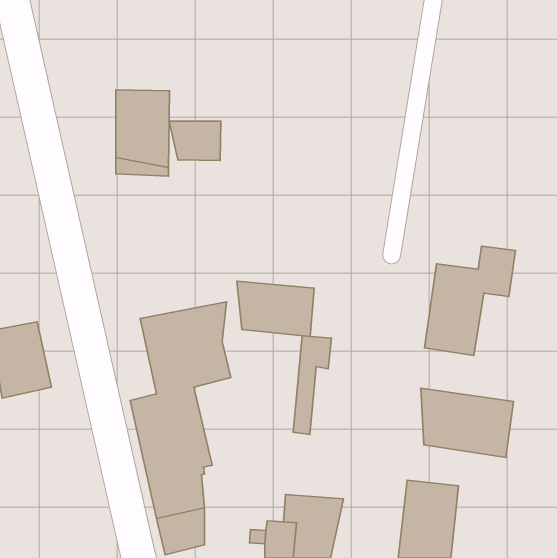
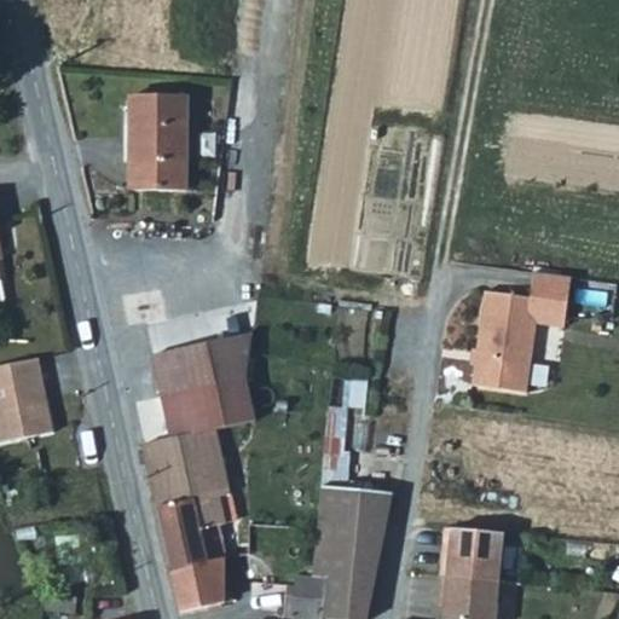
building: [169,121,221,161] -> none
building: [237,281,314,336] -> none
building: [421,388,514,458] -> none
building: none -> [316,486,391,551]

